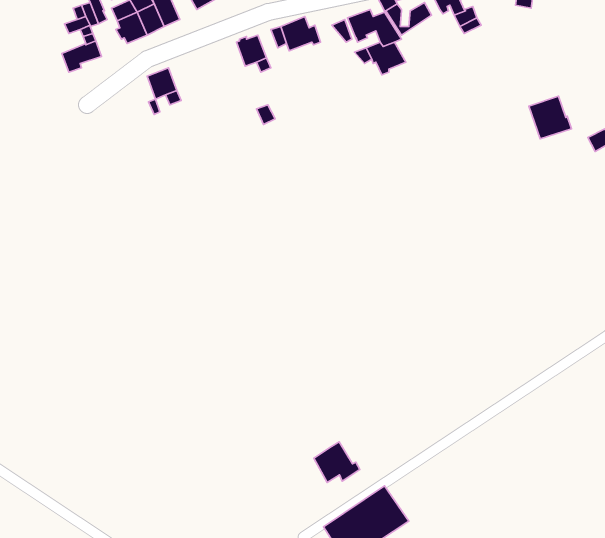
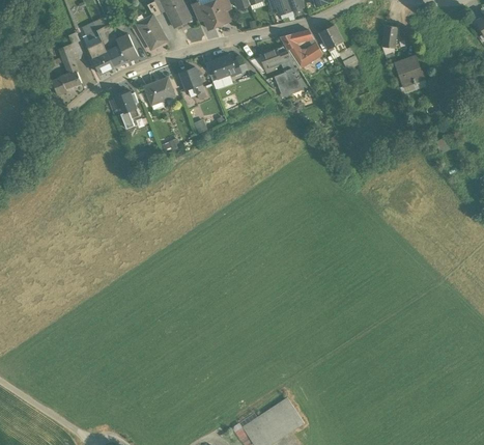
building: none -> [145,77,174,104]
building: [529,96,571,139] -> [394,55,425,86]
building: [314,442,360,482] -> none

